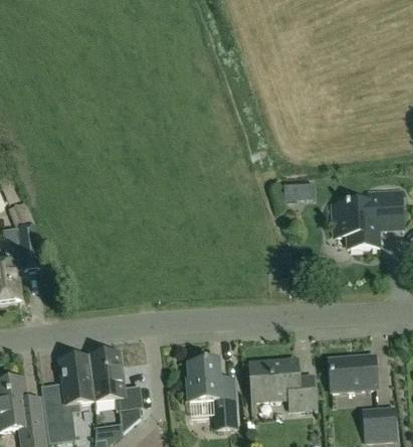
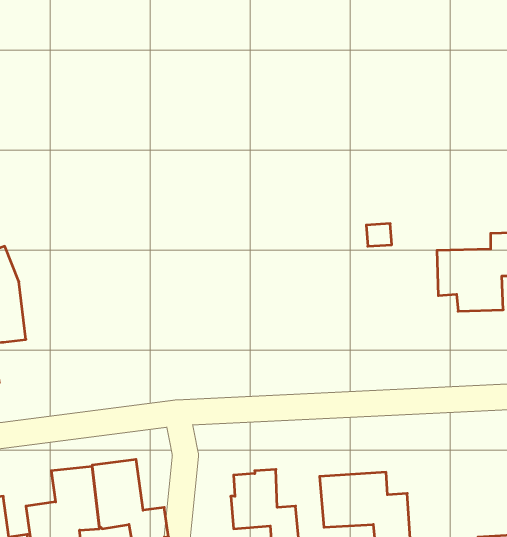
building: [330,355,377,393] -> none

